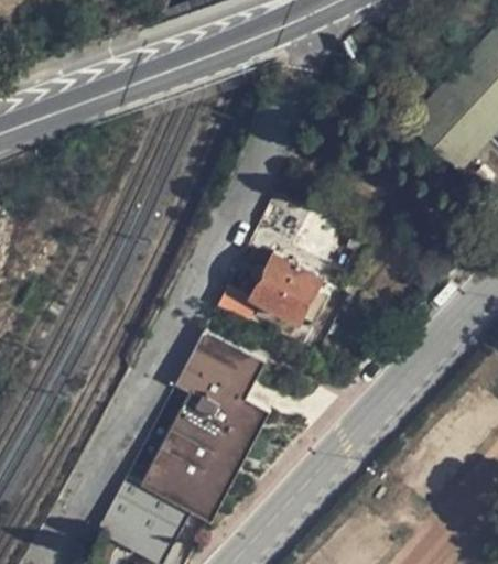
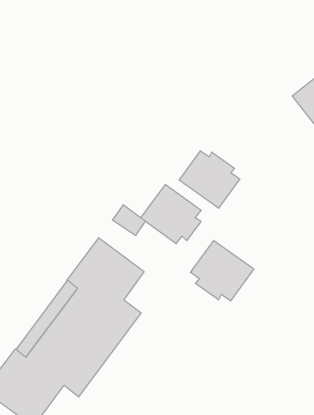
building: none -> [179,151,240,208]
building: none -> [190,240,254,301]

